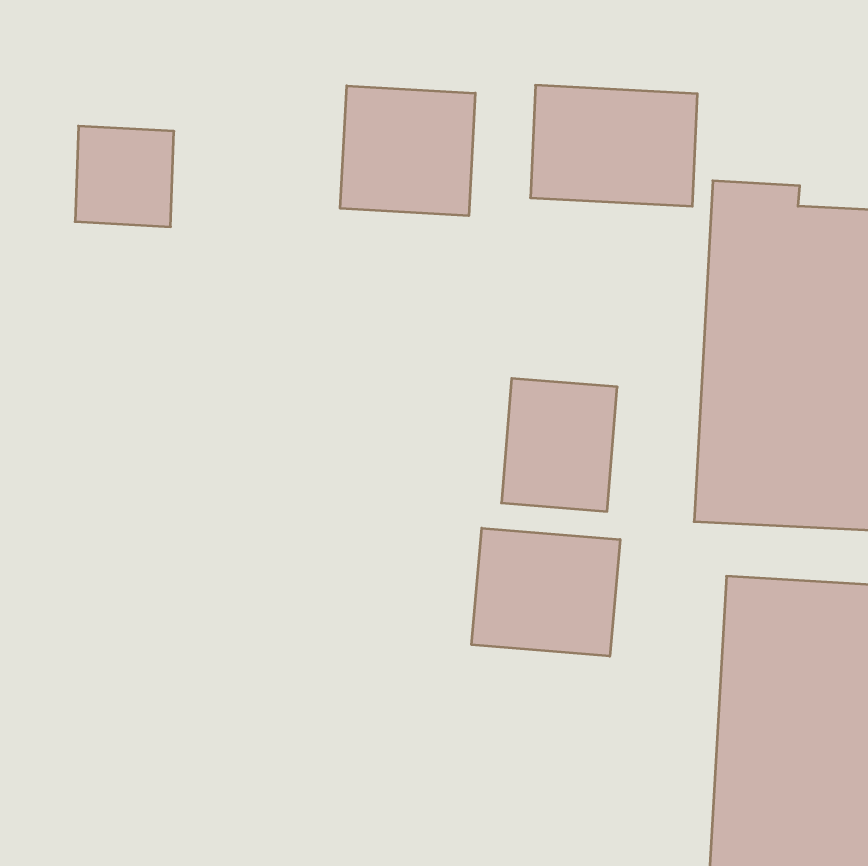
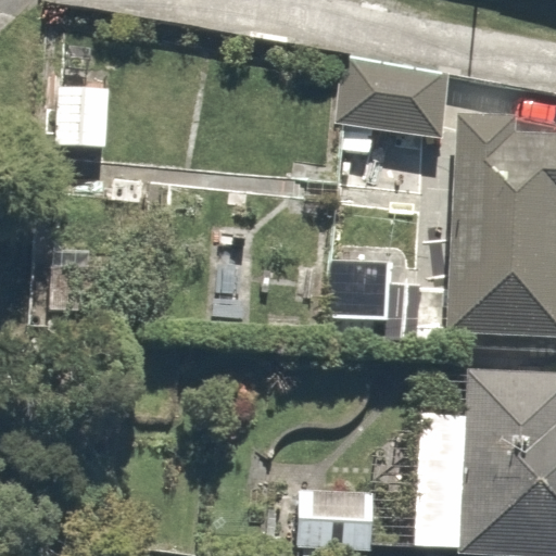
building: [340,86,475,216] -> none
building: [472,528,620,656] -> none

